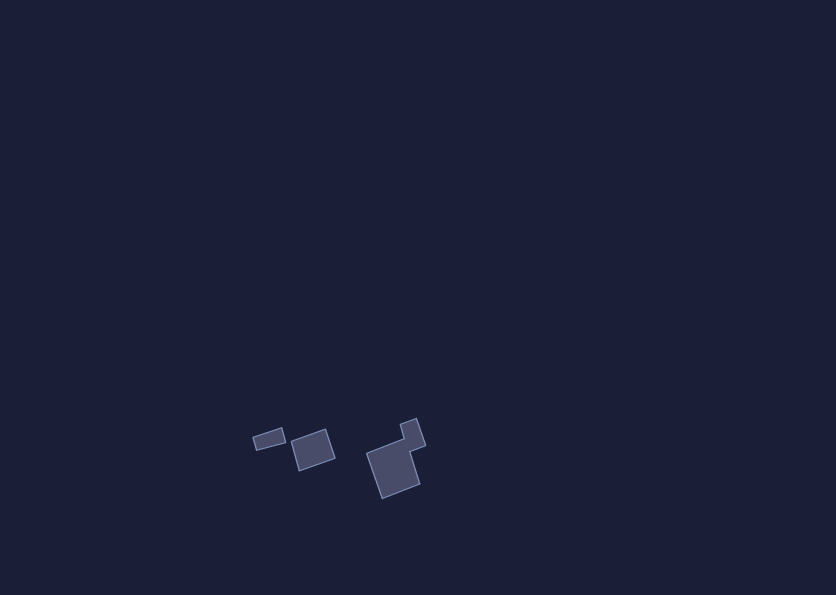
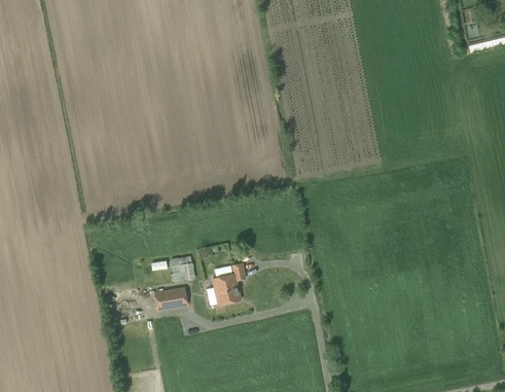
building: none -> [153,286,187,310]

